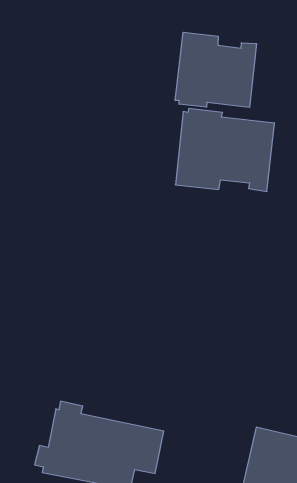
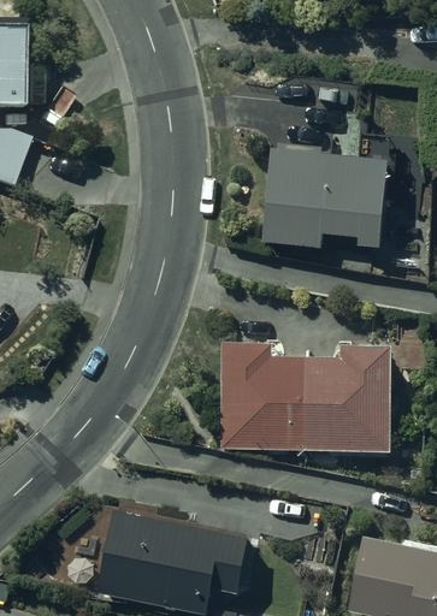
building: [175,32,257,107] -> none
building: none -> [224,340,392,445]

